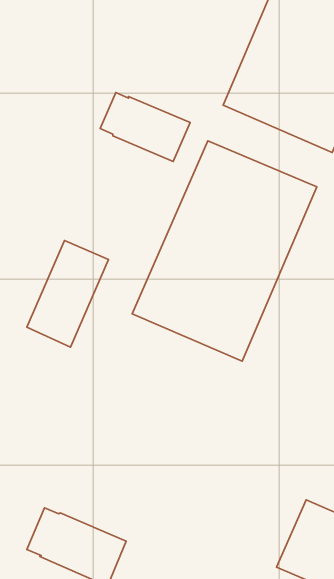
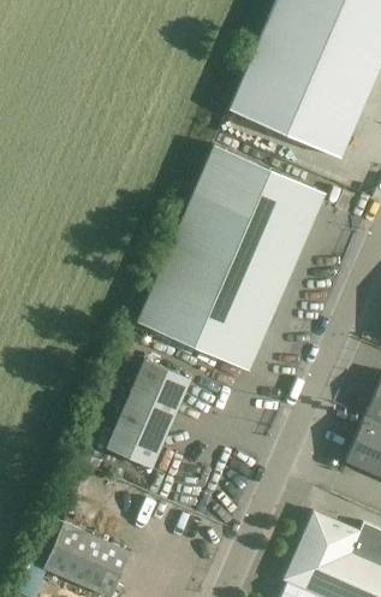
building: [100,92,190,162] -> none
building: [27,241,108,347] -> [107,361,190,469]

